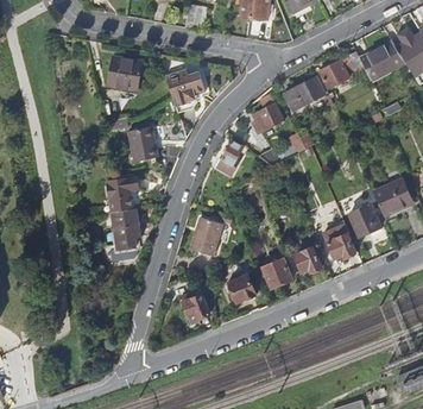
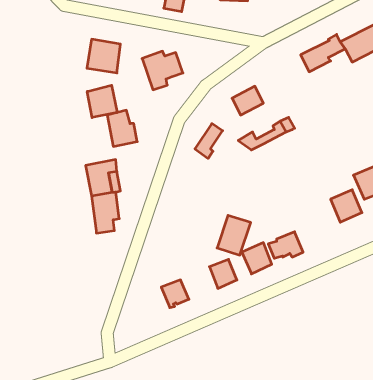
building: [284,77,326,111] -> none
building: none -> [87,85,117,118]
building: [189,218,222,257] -> [217,215,251,255]
building: [323,224,356,259] -> none

